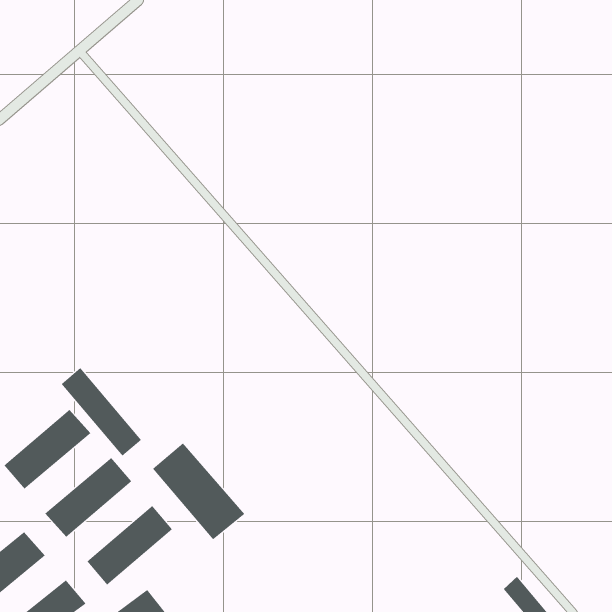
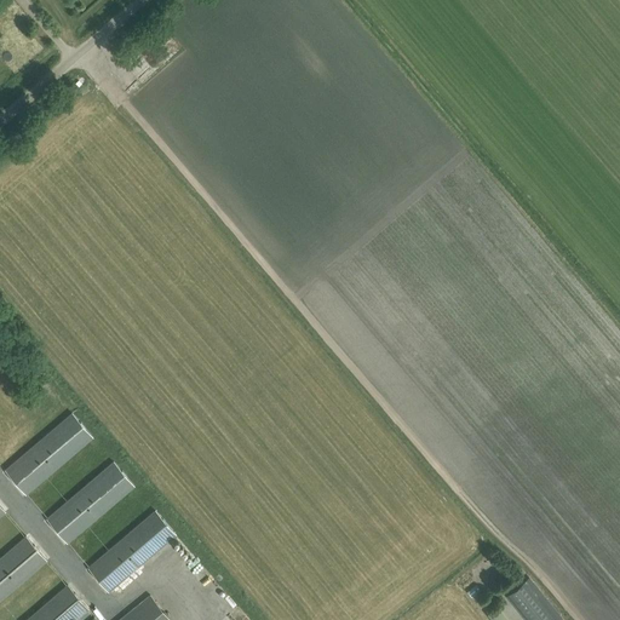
building: [61,367,142,457] -> none
building: [152,443,245,540] -> none

